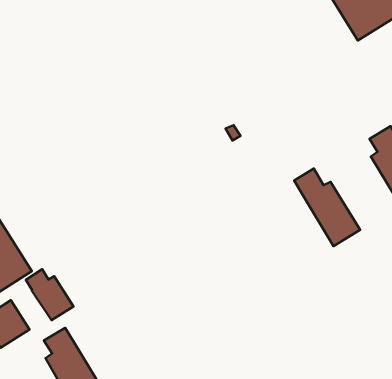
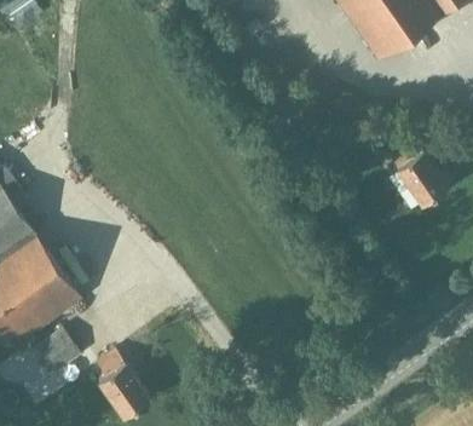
building: [294,169,360,246] -> none
building: [26,269,73,320] -> none

